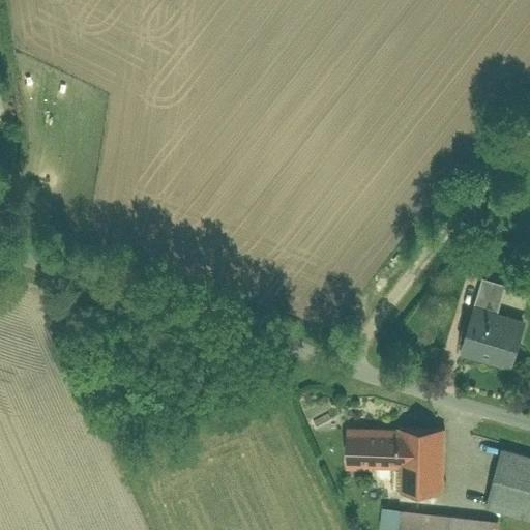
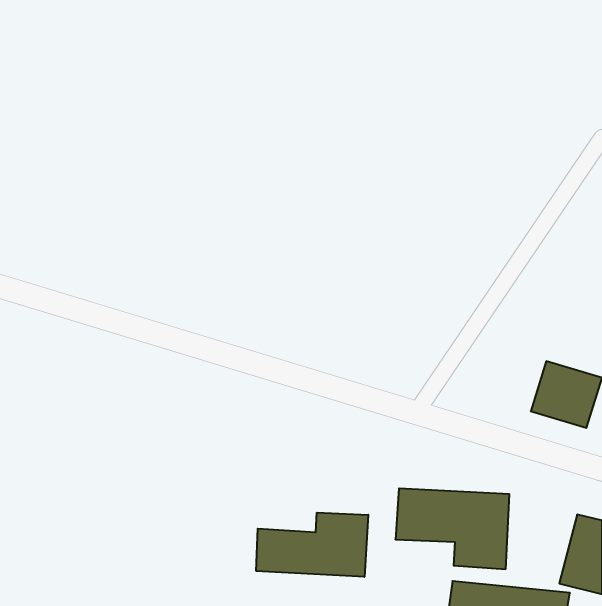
building: [471,278,506,320] -> none
building: none -> [256,513,368,577]

